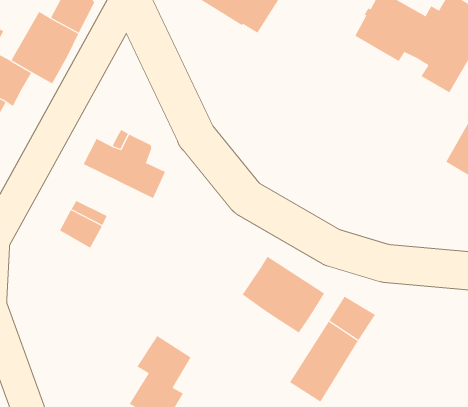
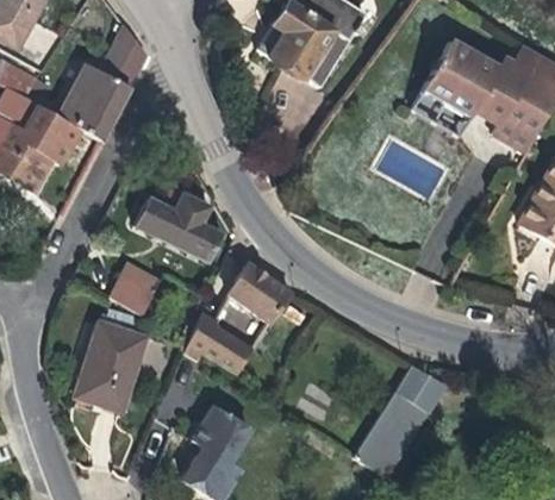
building: none -> [227,262,292,323]
building: none -> [185,311,254,373]
building: none -> [75,321,145,412]
building: [242,256,325,334] -> none

